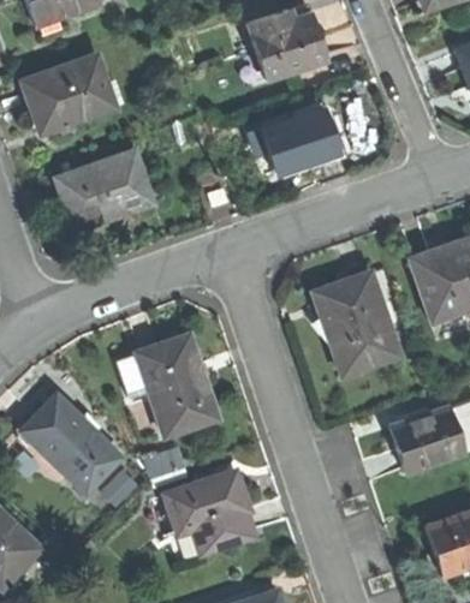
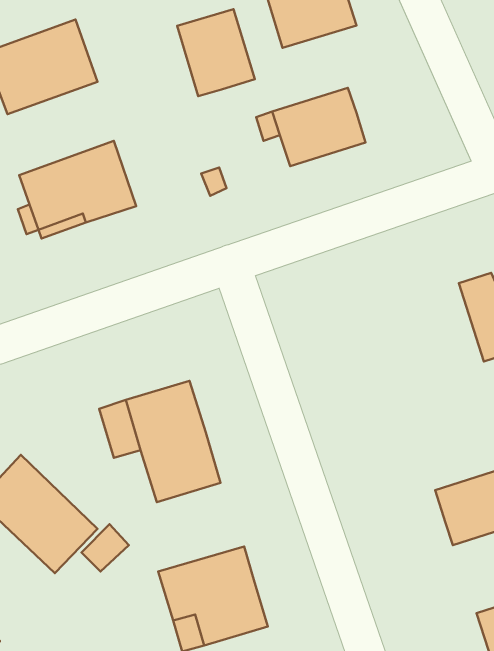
building: none -> [177,9,255,96]
building: [316,275,400,376] -> none

